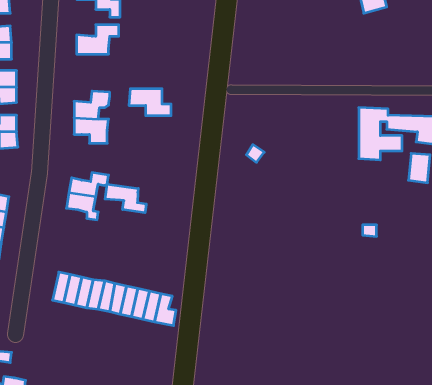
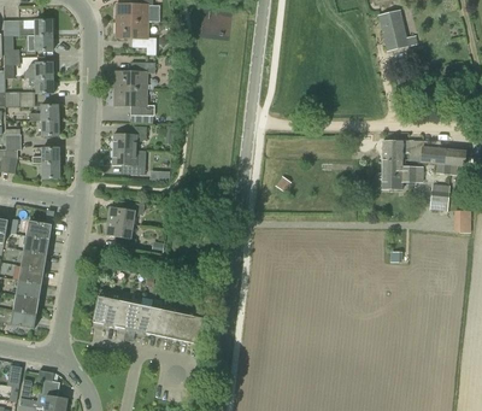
building: [129,89,171,116] -> [113,89,153,115]
building: [105,184,146,213] -> none

